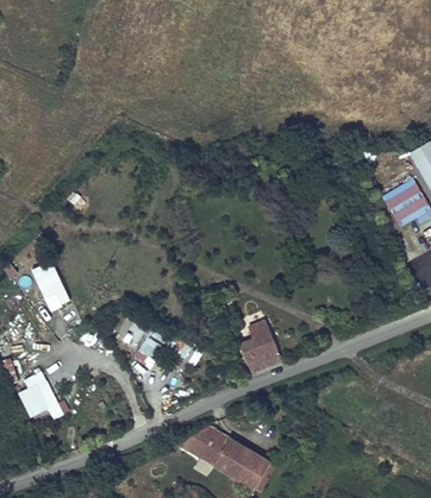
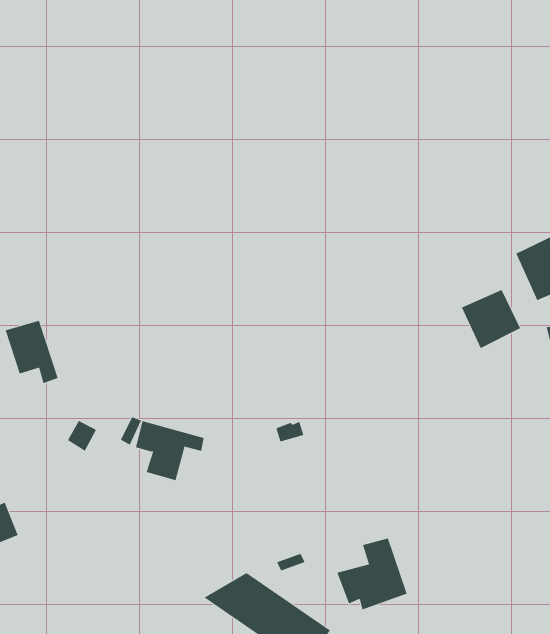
building: none -> [461,289,521,349]
building: [231,322,281,373] -> [337,538,408,610]

